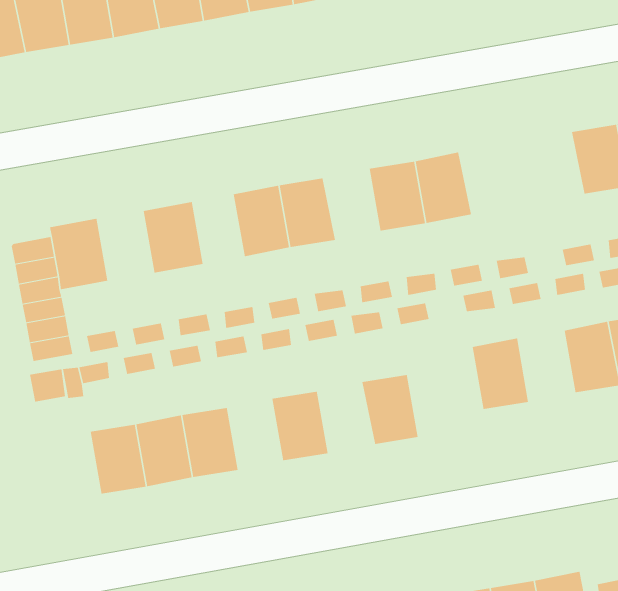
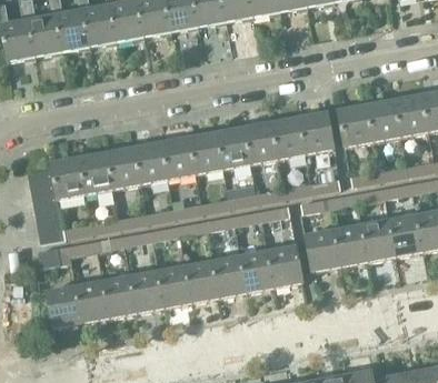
building: none -> [338,103,374,147]
building: none -> [298,111,334,153]
building: none -> [216,125,250,169]
building: none -> [137,141,168,183]
building: none -> [79,151,113,193]
building: none -> [334,223,368,266]
building: none -> [267,244,302,288]
building: none -> [212,254,247,298]
building: none -> [158,264,191,308]
building: none -> [47,284,81,327]

